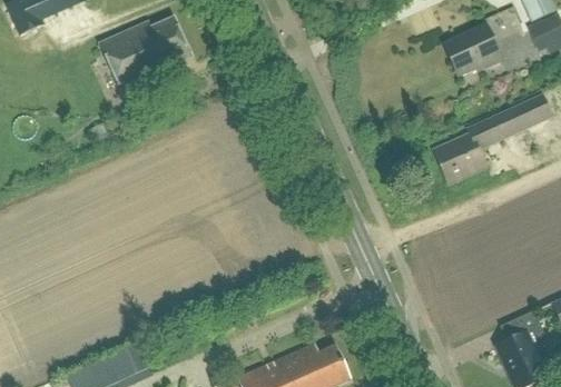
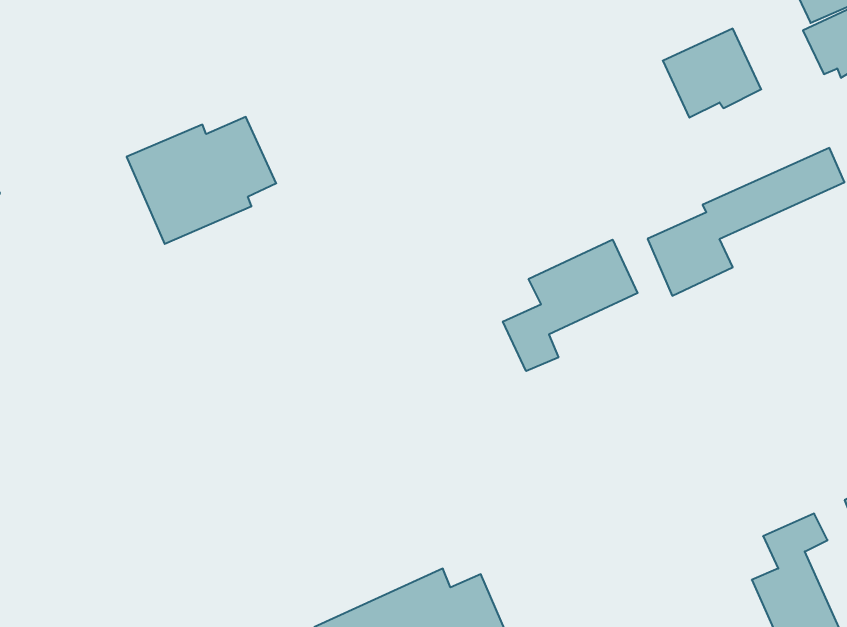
building: [104,18,191,92] -> [127,117,276,244]
building: none -> [503,240,638,371]

